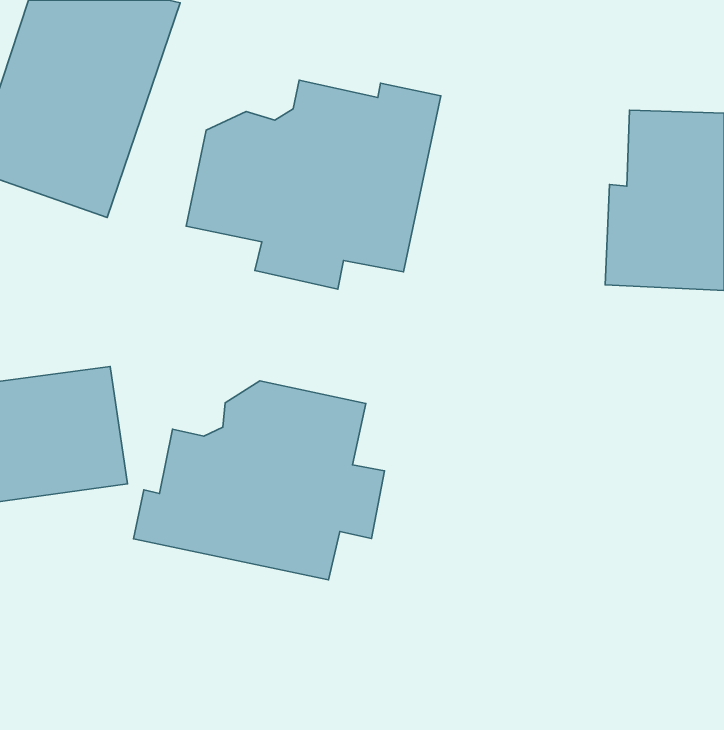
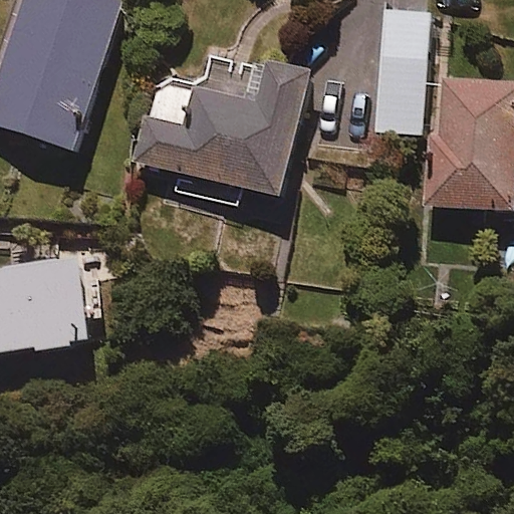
building: none -> [375,9,429,132]
building: [134,381,385,580] -> none

